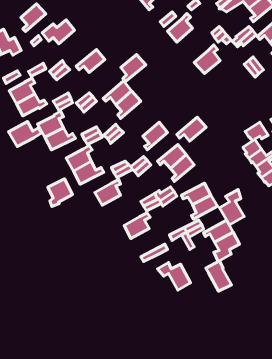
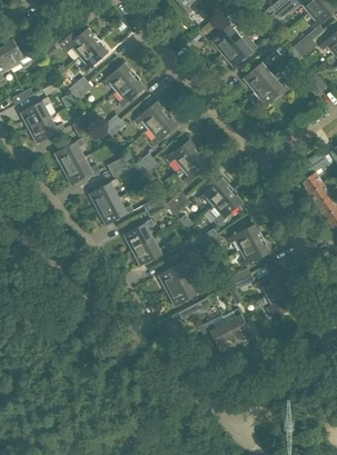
building: [21,4,46,31] -> [79,39,109,72]
building: none -> [221,37,258,67]
building: [121,55,146,81] -> [116,75,146,107]
building: none -> [255,76,289,105]
building: [177,117,206,141] -> [165,138,200,167]
building: [9,121,41,146] -> none
building: [48,179,72,206] -> none
building: [219,190,244,225] -> none
building: none -> [131,238,168,266]
building: none -> [166,278,210,306]
building: [206,261,232,291] -> [222,307,254,344]

